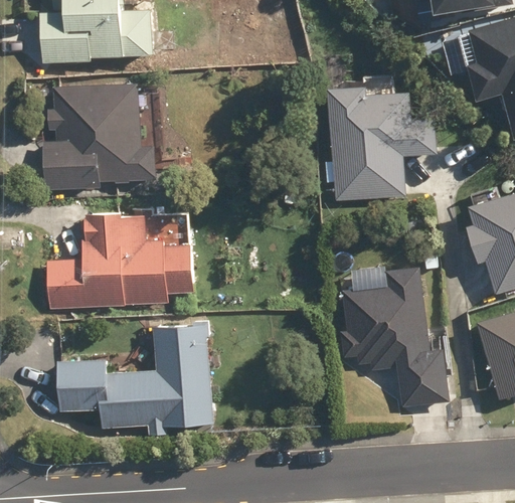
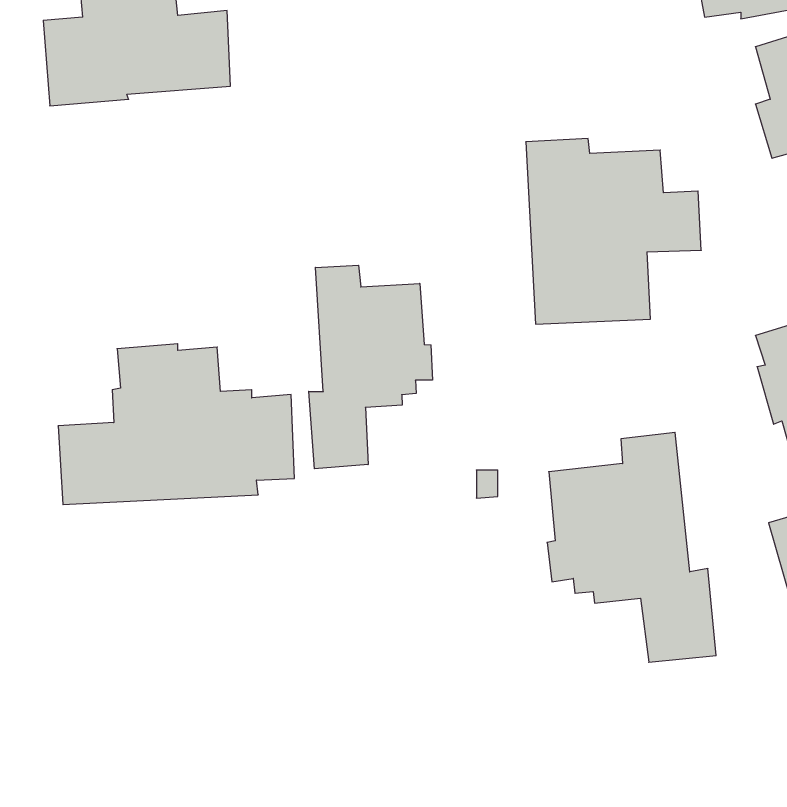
building: [39,82,161,192] -> none
building: none -> [309,265,432,469]
building: [53,323,211,437] -> none

